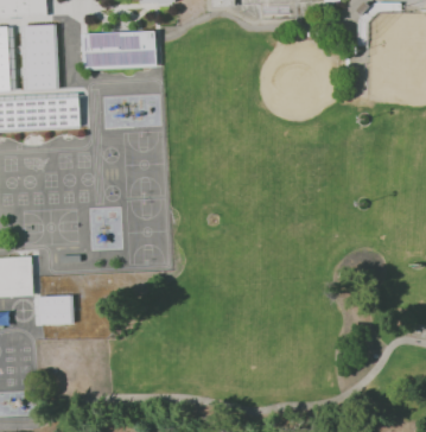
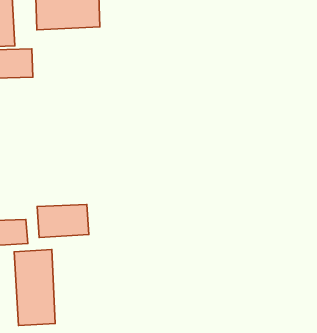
building: none -> [37,205,89,238]
building: none -> [14,249,55,326]

